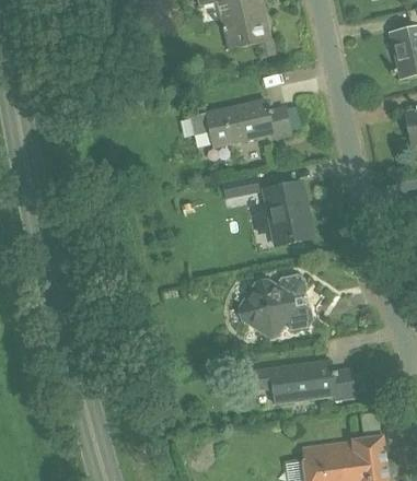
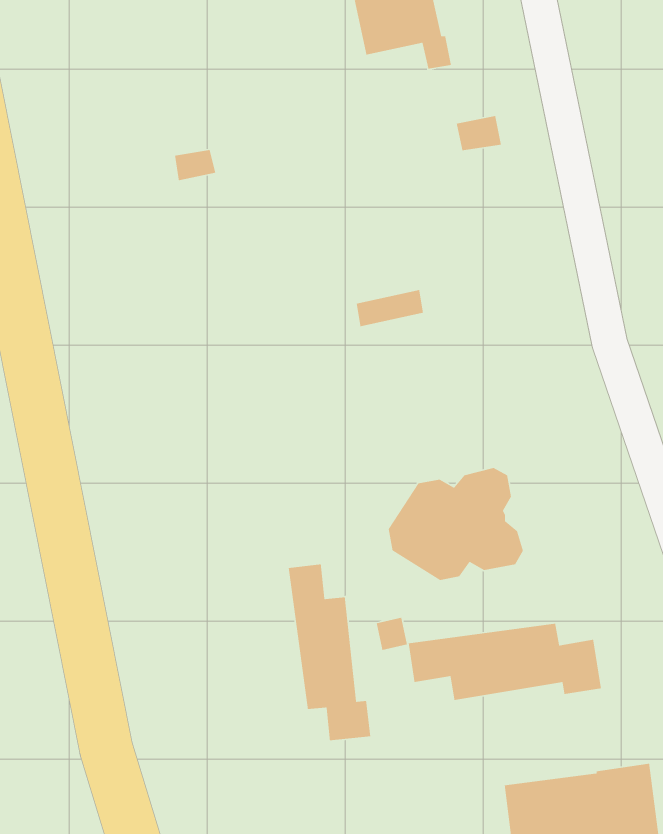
building: [189,98,289,145] -> none
building: [264,180,313,244] -> none
building: none -> [288,564,371,741]

